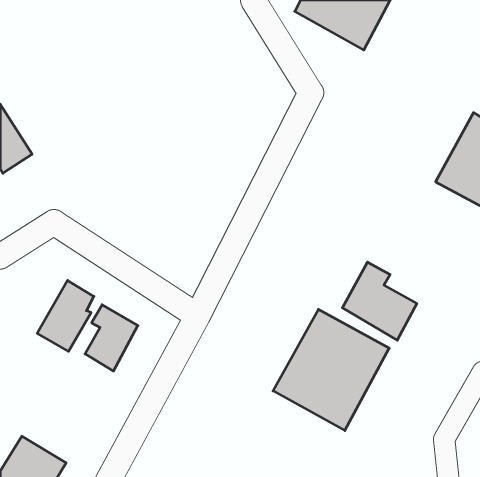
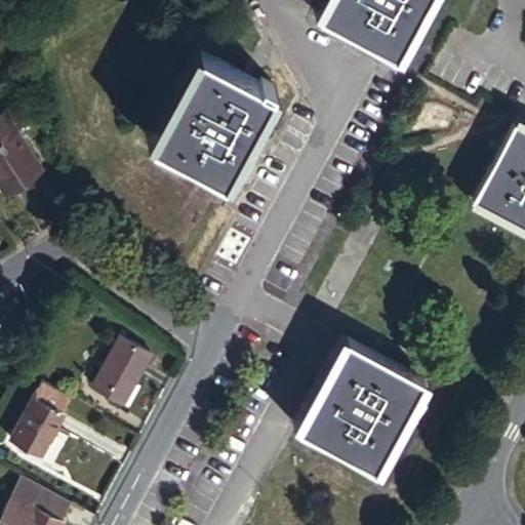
building: none -> [151,55,274,179]
building: [342,262,417,340] -> none
building: [37,280,94,351] -> [7,383,69,460]

